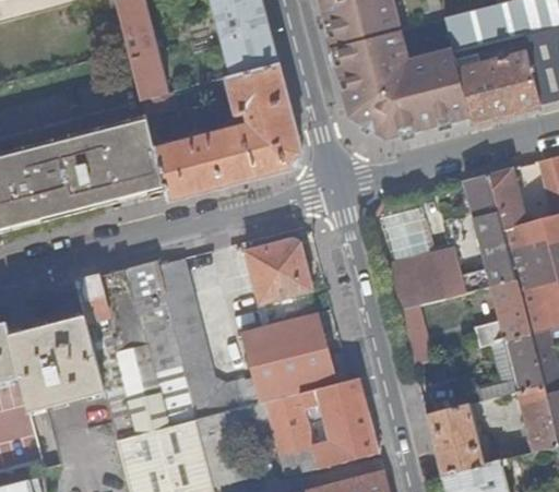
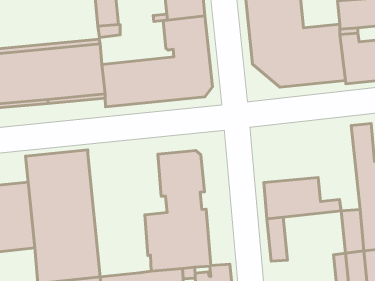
building: [463,175,515,286] -> none
building: [155,257,245,419] -> none

